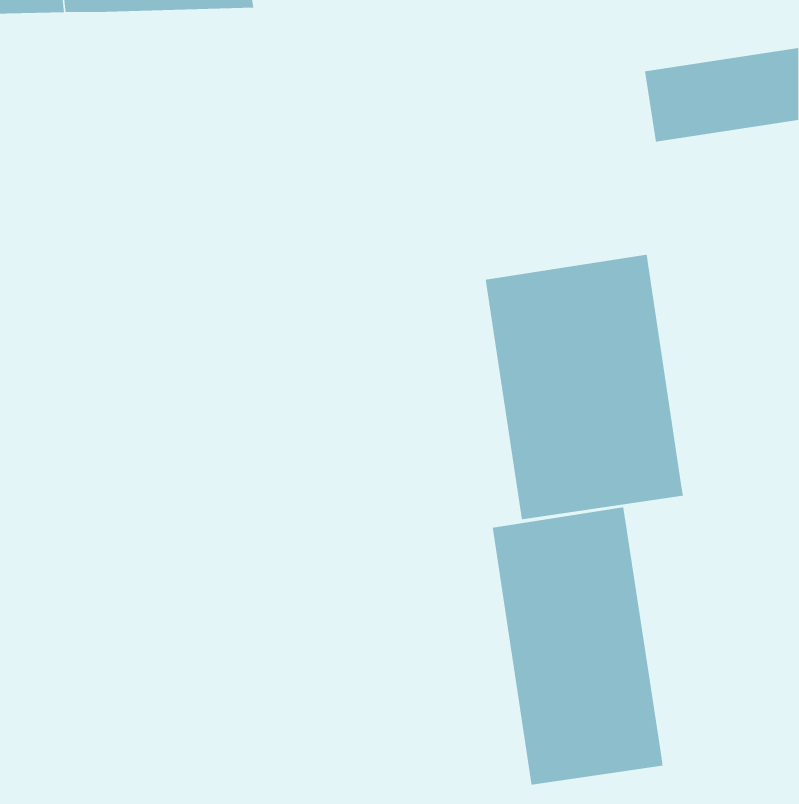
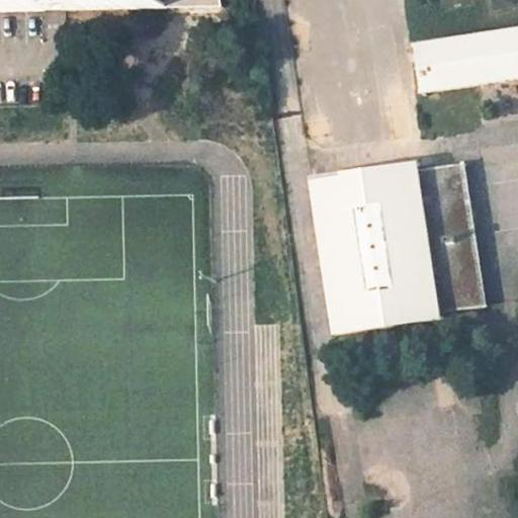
building: none -> [416,162,482,312]
building: [492,506,663,786] -> none

